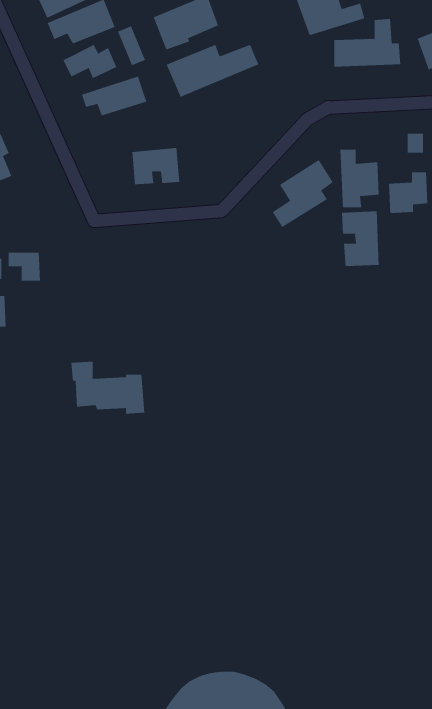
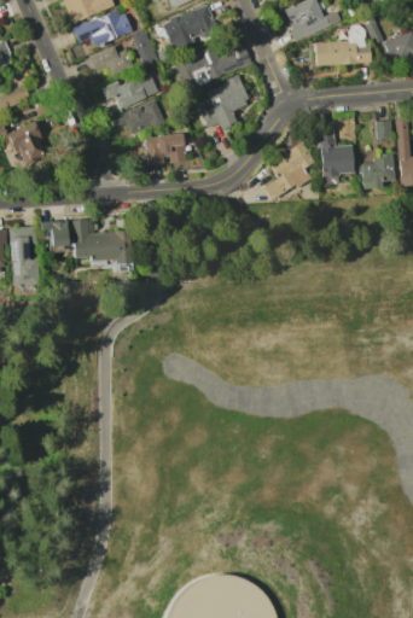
building: none -> [197,76,249,128]
building: none -> [116,100,164,138]
building: [341,210,379,267] -> none
building: [71,361,145,414] -> [69,218,132,263]

